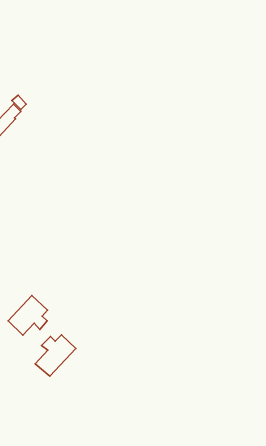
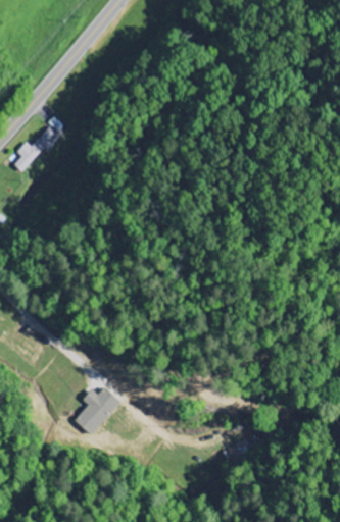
building: [8,295,47,335] -> none

